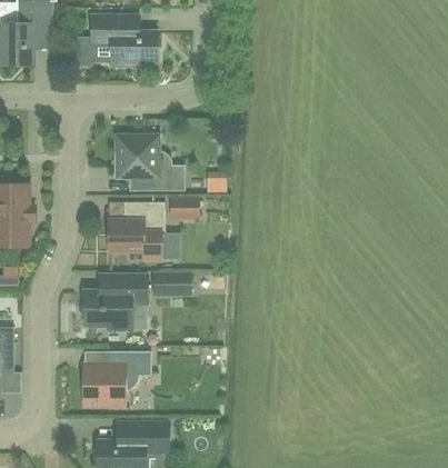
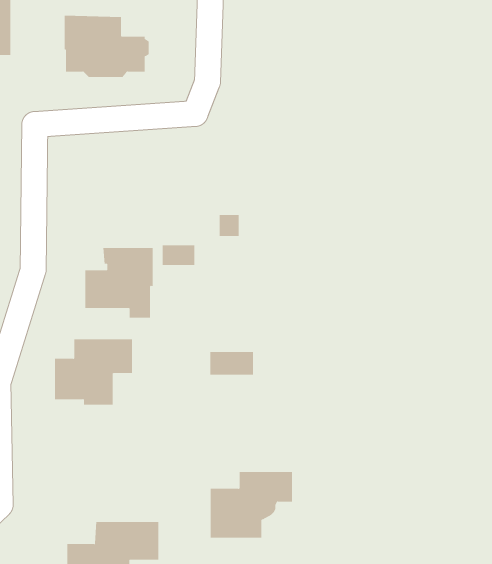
building: [117,135,183,190] -> none
building: [153,273,189,292] -> [210,352,254,375]
building: [83,350,150,404] -> [210,472,293,538]

